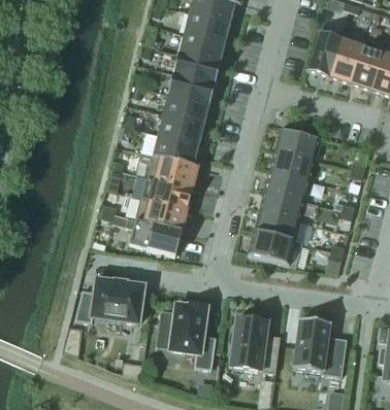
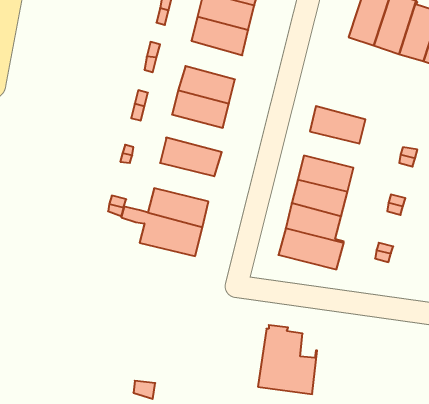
building: [167,72,216,105] -> none
building: [151,135,199,167] -> none
building: [268,149,316,180] -> none
building: [131,174,192,209] -> none
building: [74,278,144,323] -> none
building: [164,303,215,369] -> none
building: [293,318,346,376] -> none

